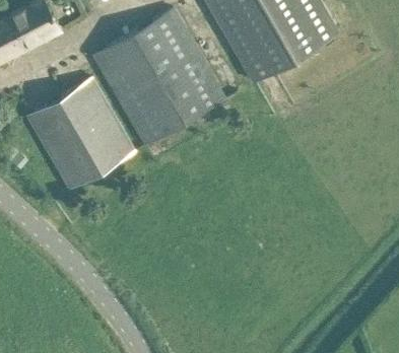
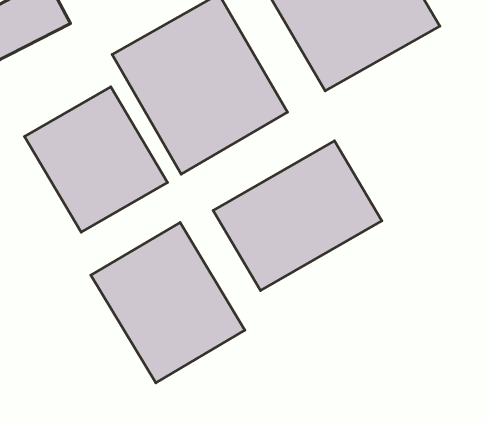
building: none -> [213,141,382,290]
building: none -> [91,222,245,383]

